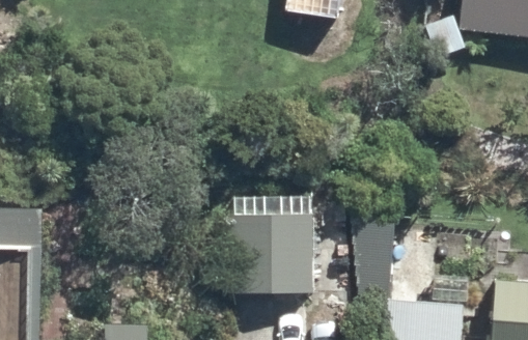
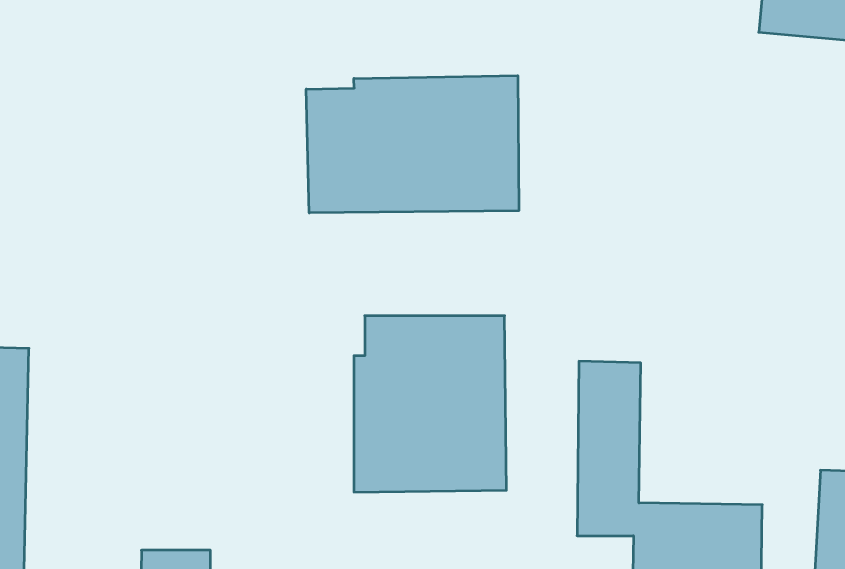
building: none -> [306,76,519,213]

